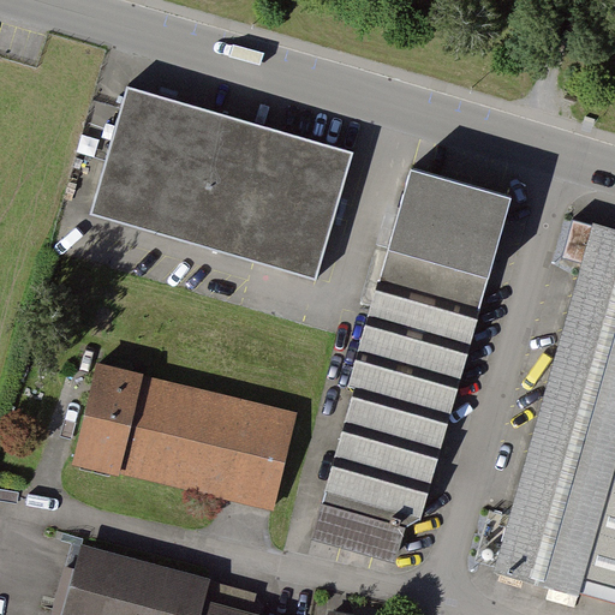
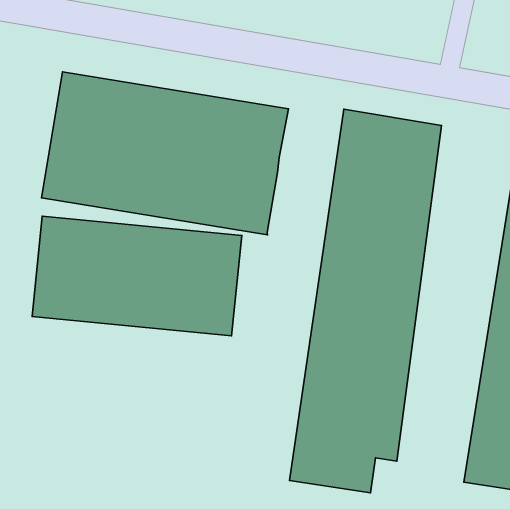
building: [72,365,300,513] -> [32,216,242,336]

